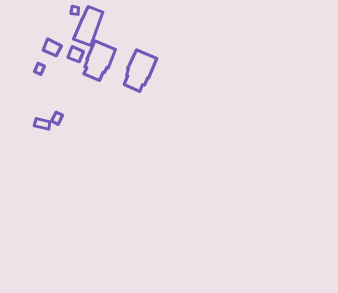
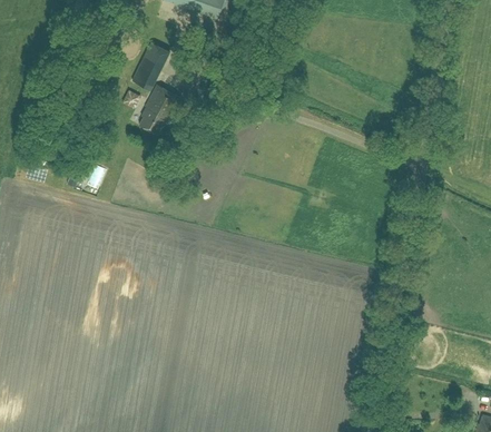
building: [124,50,157,91] -> none

